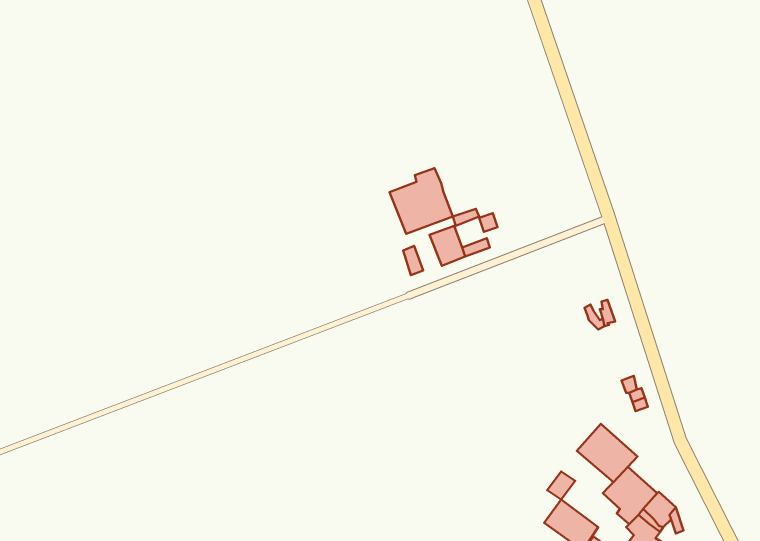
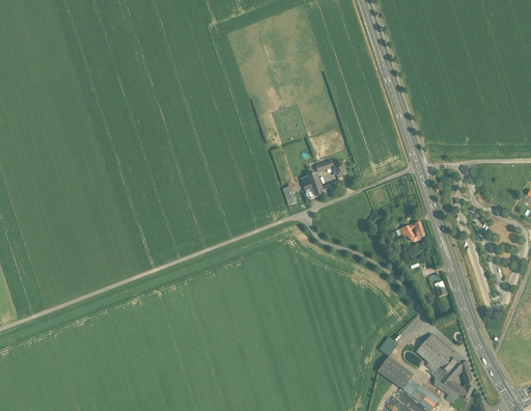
building: [389,168,453,234] -> none
building: [577,424,638,482] -> none

